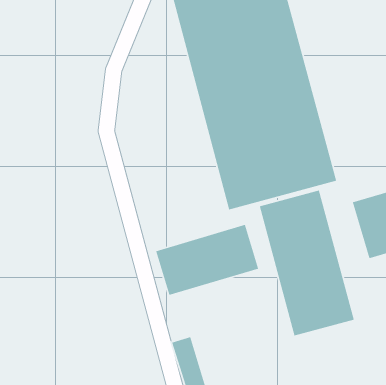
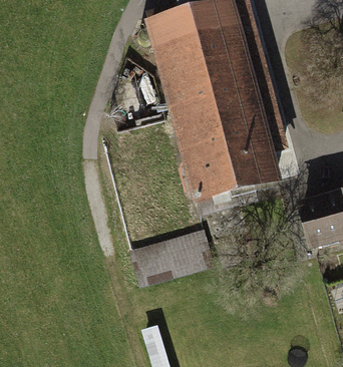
building: [259,190,355,336] -> none

